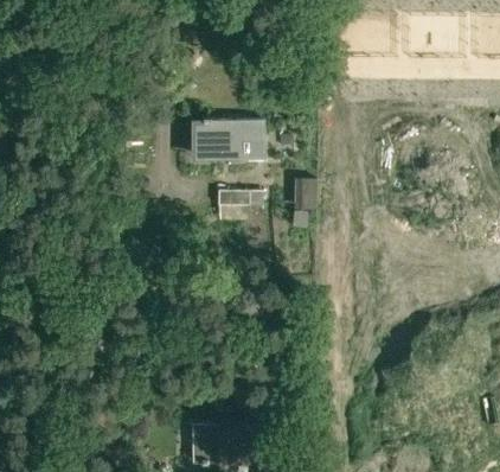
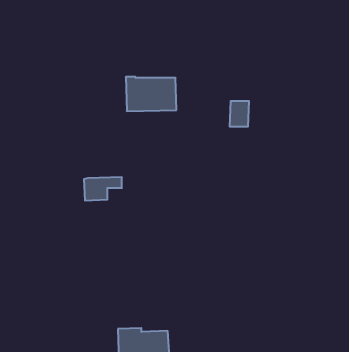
building: [294,178,318,209] -> [230,101,249,127]
building: [217,190,263,218] -> [84,177,122,201]

